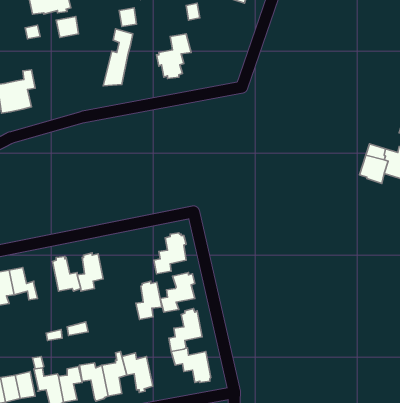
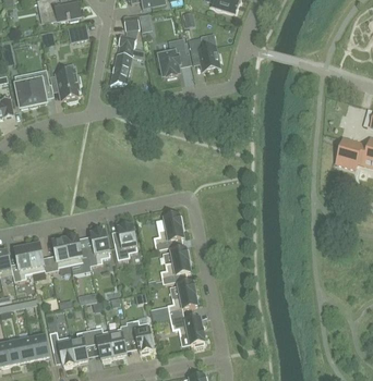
building: none -> [188,36,219,69]
building: none -> [56,69,79,99]
building: none -> [48,236,70,270]
building: [136,281,162,319] -> [113,224,136,258]

